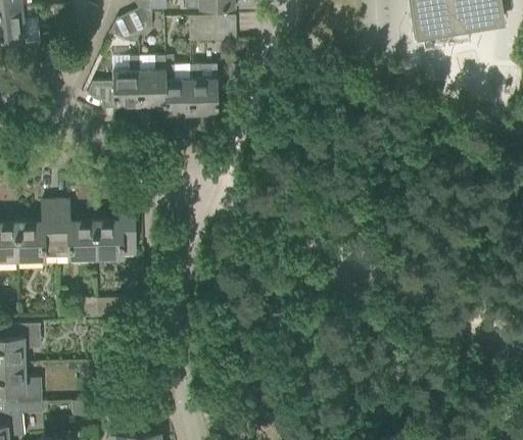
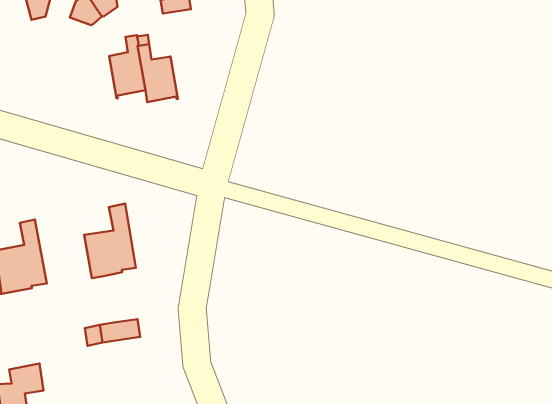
building: [87,56,139,109] -> none
building: [189,64,221,115] -> none
building: [54,200,95,258] -> none

